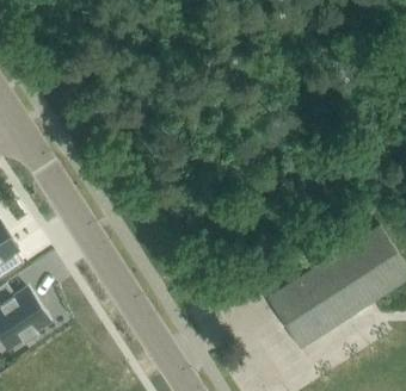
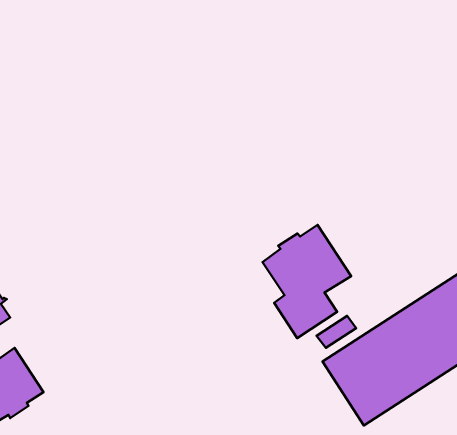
building: none -> [262,225,351,338]

